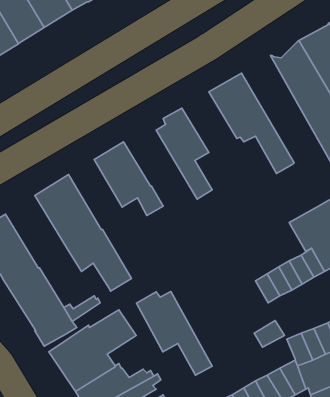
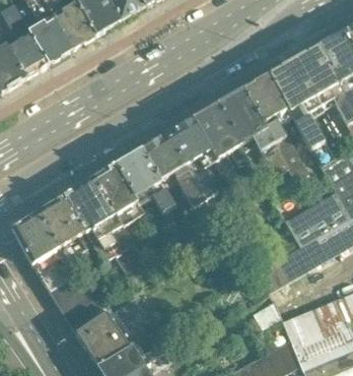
building: none -> [242,72,307,180]
building: none -> [191,104,245,170]
building: none -> [140,136,204,204]
building: none -> [92,163,143,224]
building: none -> [38,194,91,257]
building: [136,292,212,375] -> none

